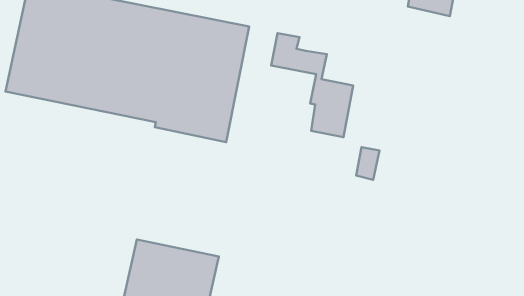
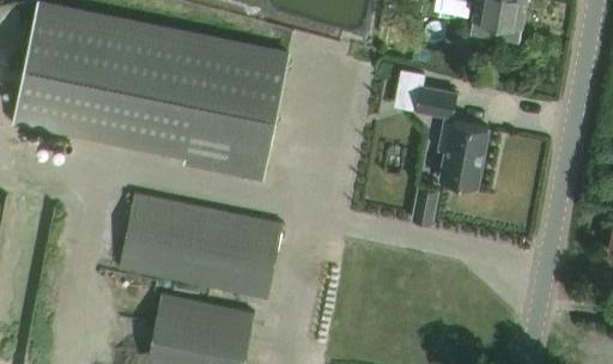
building: [271,33,353,137] -> [394,69,487,188]
building: none -> [119,193,283,299]

